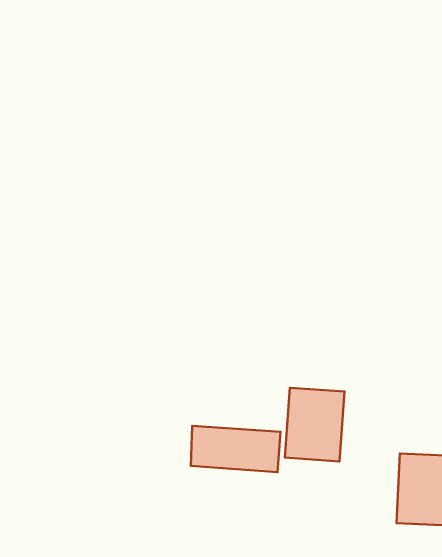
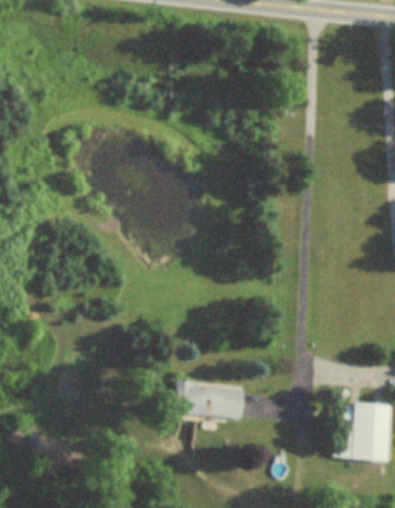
building: [285,388,344,461] -> none

